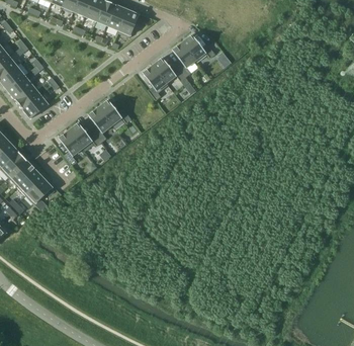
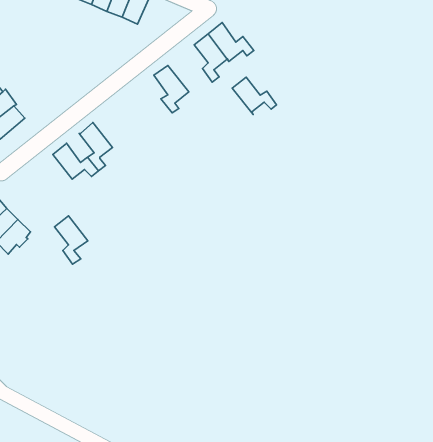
building: [153,58,185,85] -> [232,77,277,115]
building: [98,100,131,125] -> none
building: [59,131,83,166] -> [55,216,88,264]

